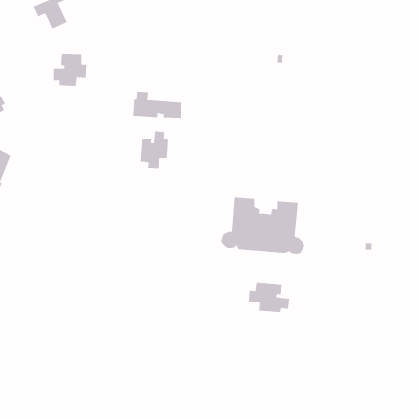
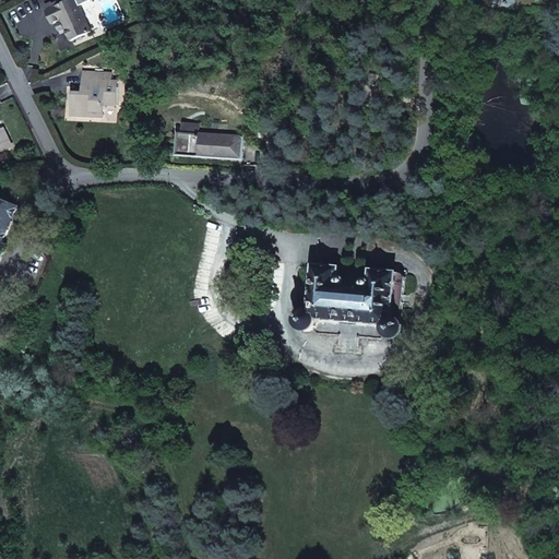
building: [140,131,168,169] -> none
building: [248,282,290,313] -> none

